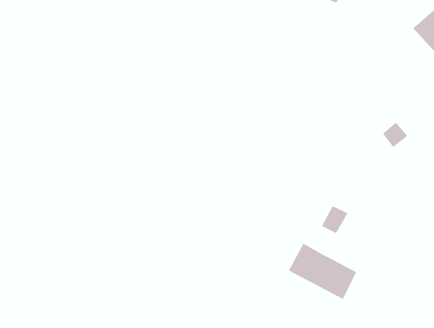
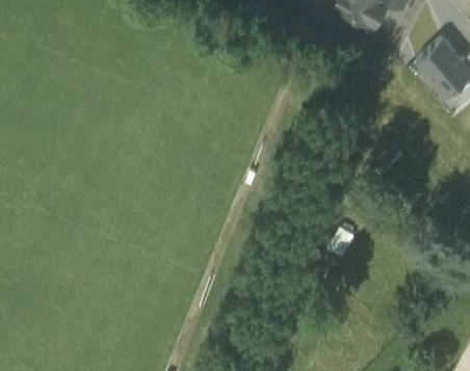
building: [288,243,357,300] -> none

